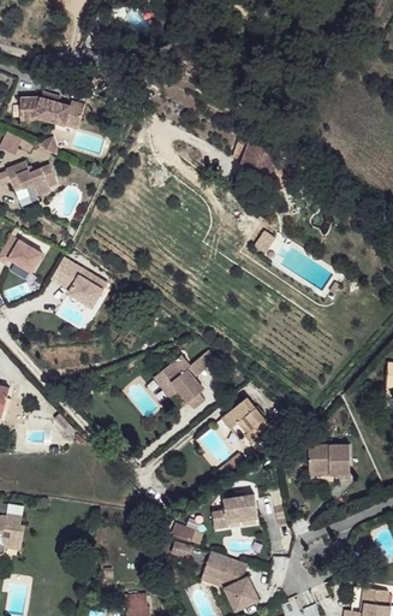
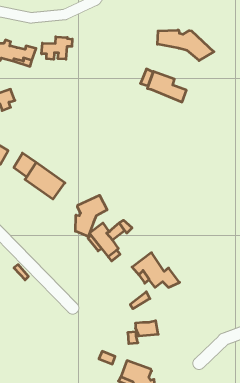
building: none -> [157,30,214,61]
building: none -> [42,37,72,59]
building: none -> [75,195,107,237]
building: [309,443,350,473] -> none

